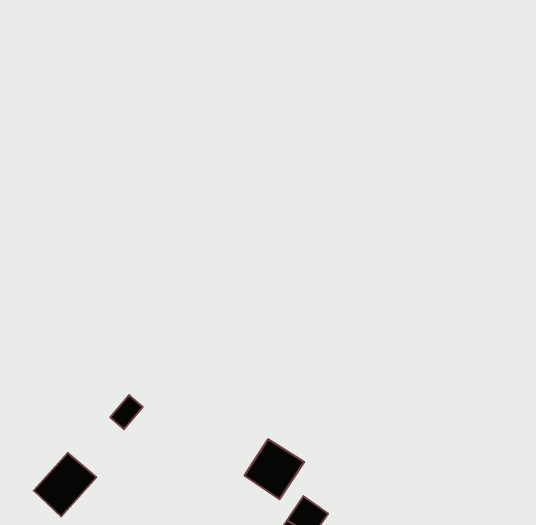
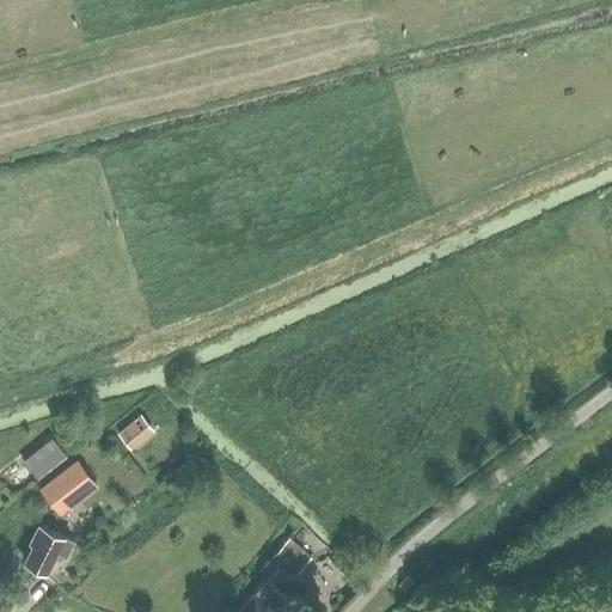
building: none -> [22,440,67,483]
building: [245,439,304,499] -> none

